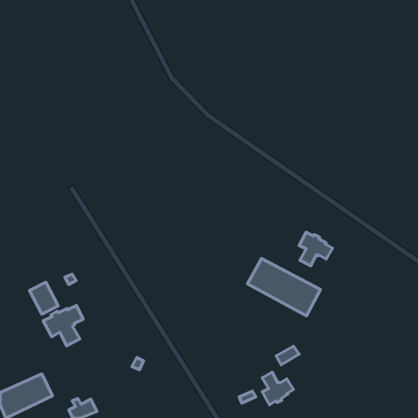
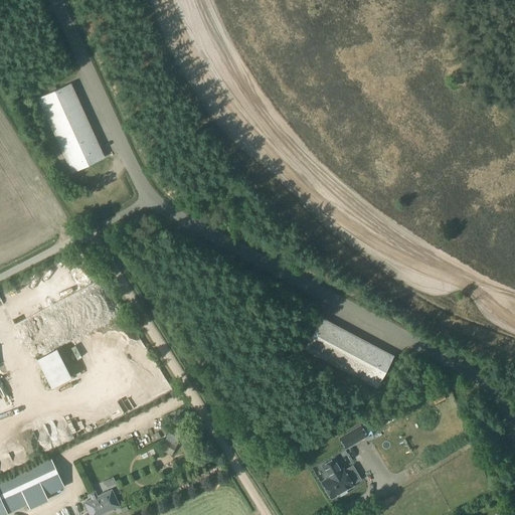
building: none -> [39,83,105,172]
building: [299,232,333,266] -> none
building: [43,306,83,346] -> none

